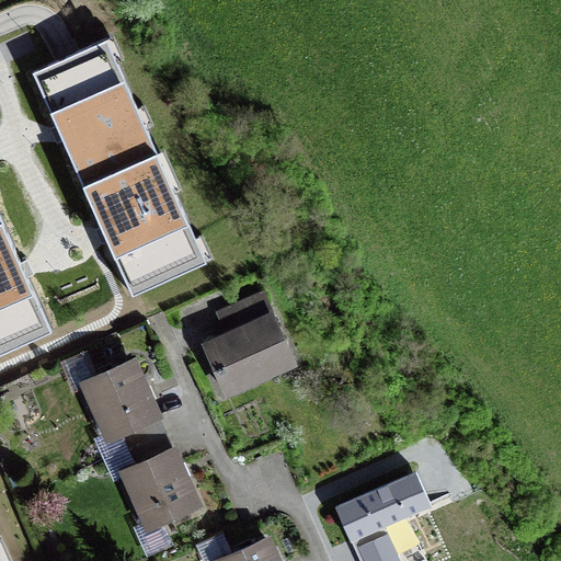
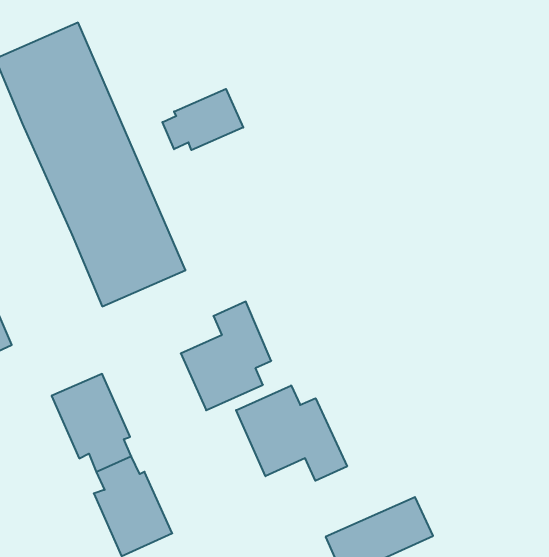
building: none -> [162,89,243,150]
building: none -> [236,385,347,481]

